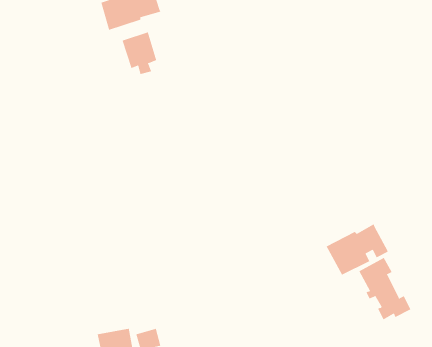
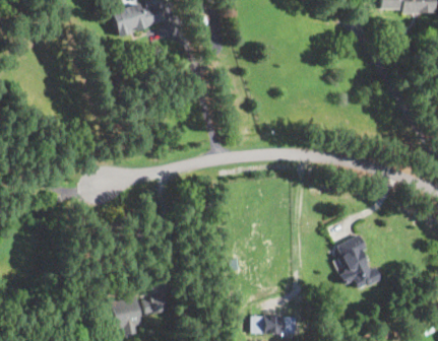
building: [122,31,157,75] -> none
building: [326,223,389,275] -> none

